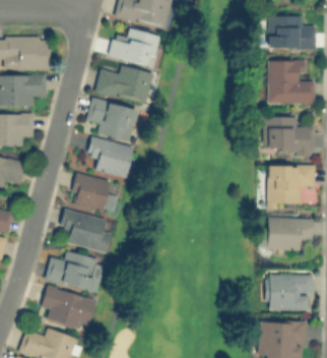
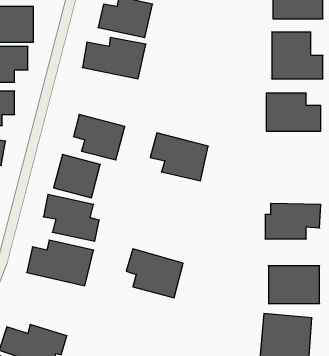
building: [85,98,138,141] -> [150,133,208,181]
building: [268,165,315,203] -> none
building: [42,286,93,331] -> [126,249,183,298]

